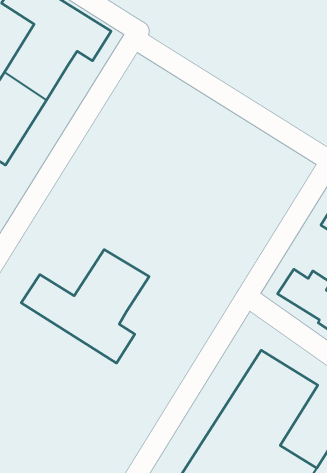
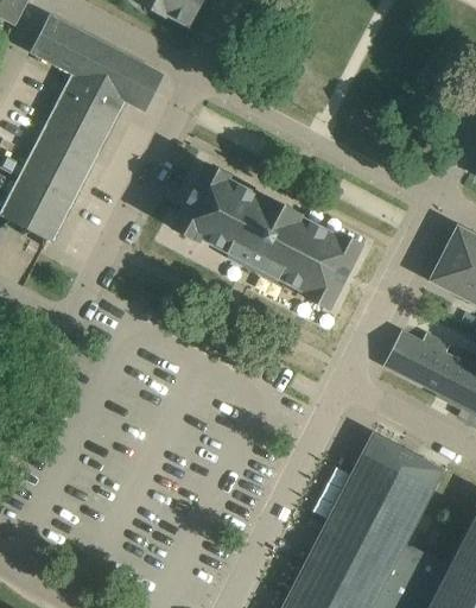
building: none -> [172,164,362,309]
building: [21,250,149,363] -> none

